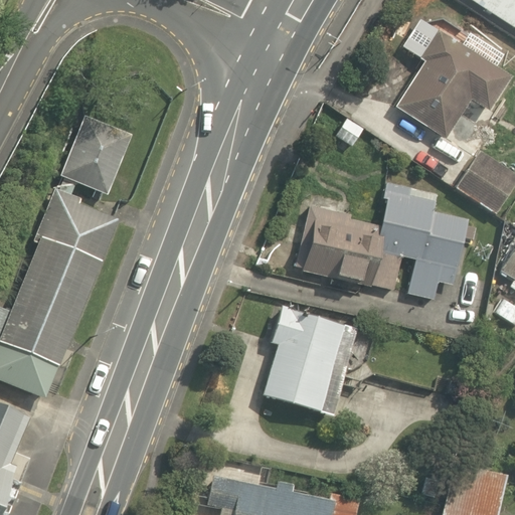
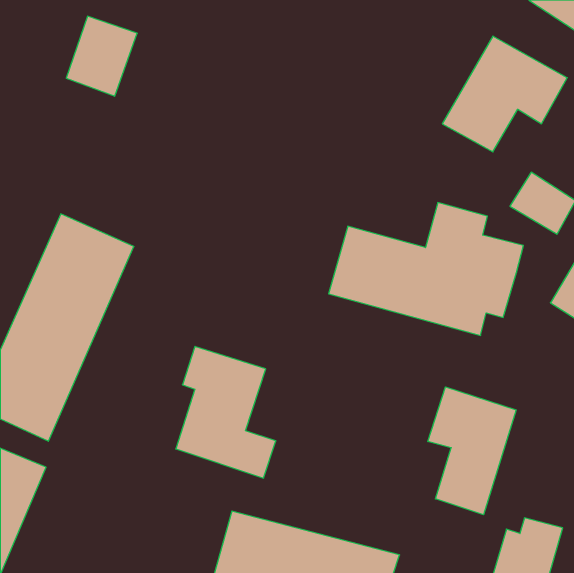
building: [65,125,129,196] -> [66,16,137,96]
building: [263,306,352,423] -> [176,346,276,478]
building: none -> [428,387,516,515]

